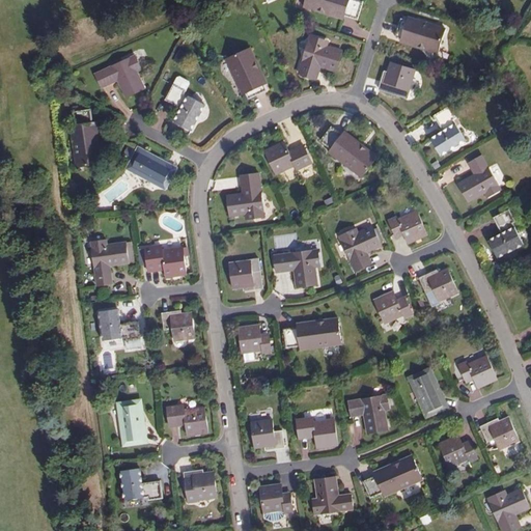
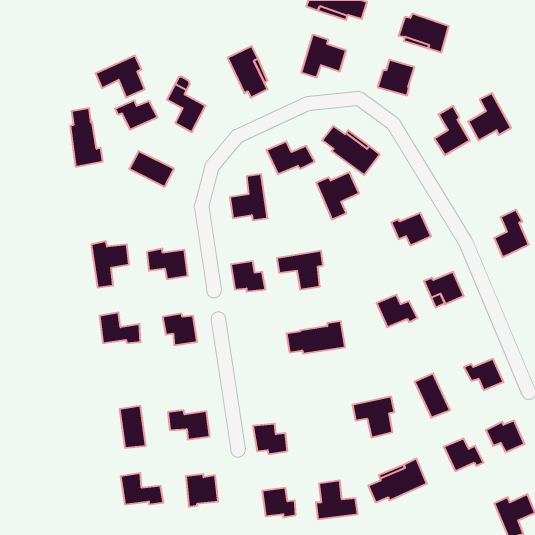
building: none -> [115,100,157,130]
building: [457,156,500,202] -> [468,93,511,141]
building: [338,225,381,272] -> [316,172,359,219]
building: [237,326,271,353] -> none
building: [297,418,337,448] -> none

